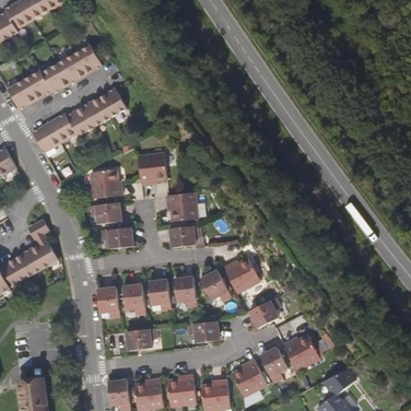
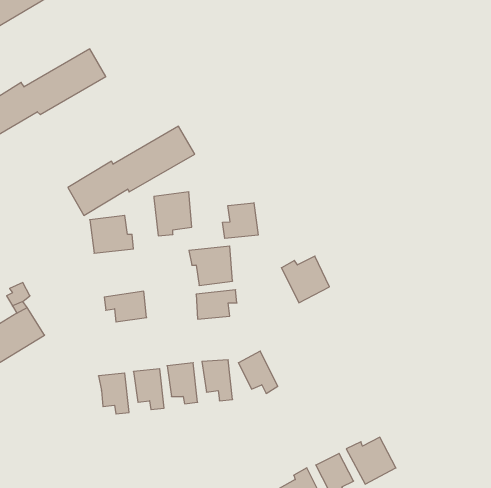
building: [31,87,126,154] -> [68,126,195,215]
building: none -> [223,203,258,238]
building: [90,202,121,224] -> none
building: [224,259,260,294] -> [281,256,329,303]
building: [248,297,280,328] -> none
building: [186,321,219,343] -> none
building: [126,328,157,351] -> none

